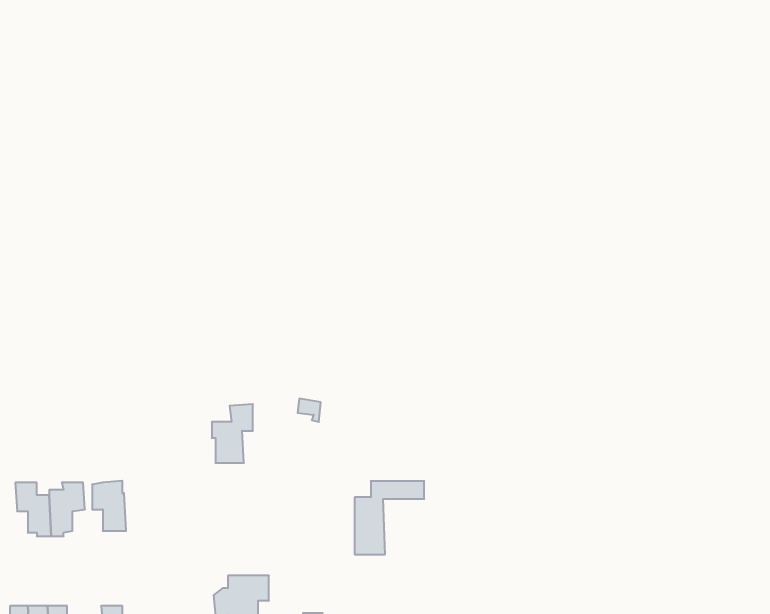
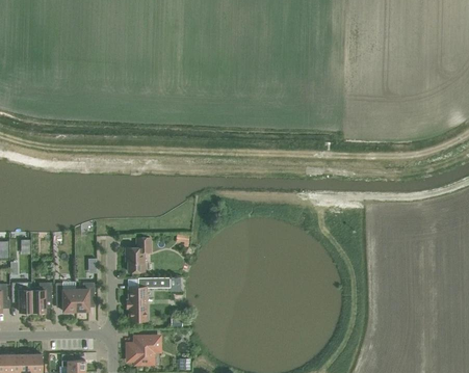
building: [355,481,424,554] -> [128,277,168,320]
building: none -> [74,283,94,311]

